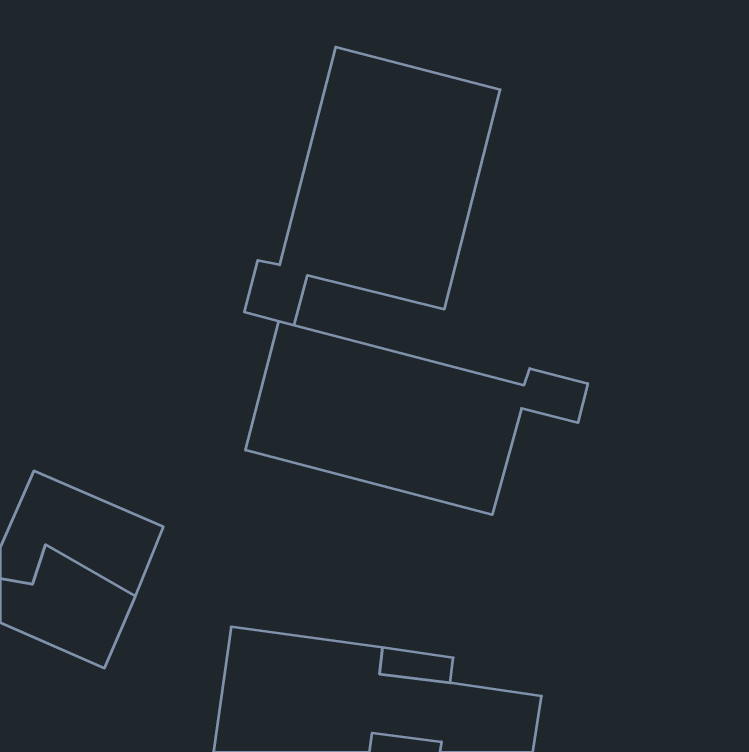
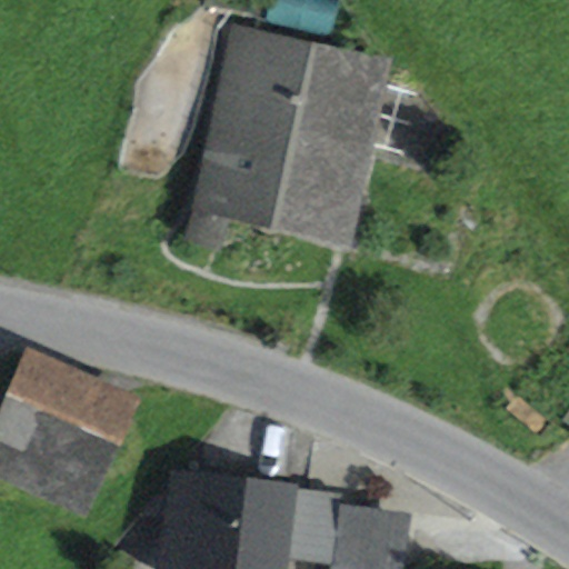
building: [246,321,588,515] -> none

